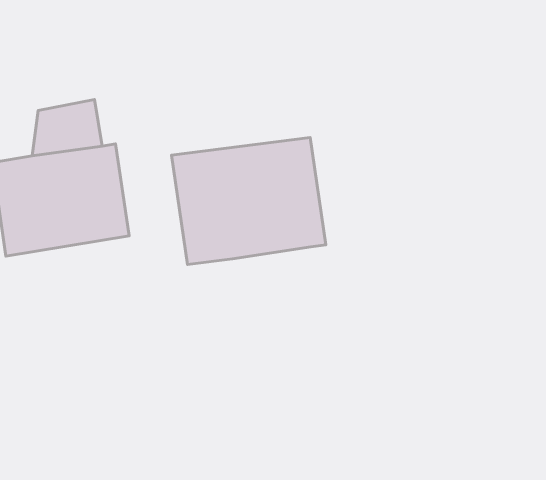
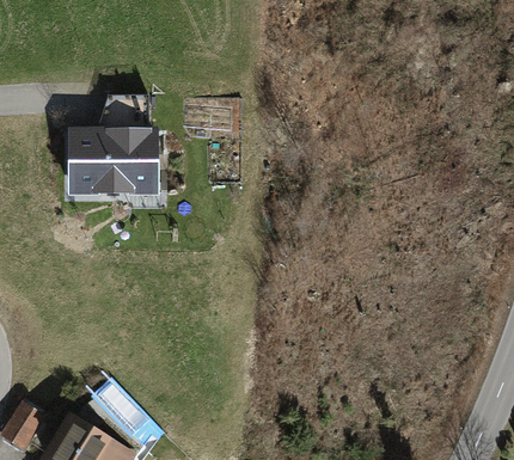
building: [171,137,326,264] -> none

